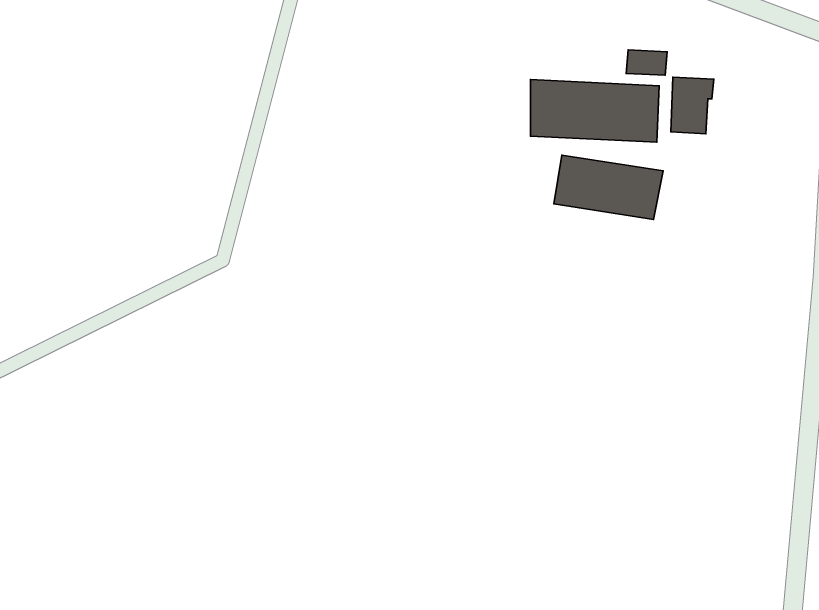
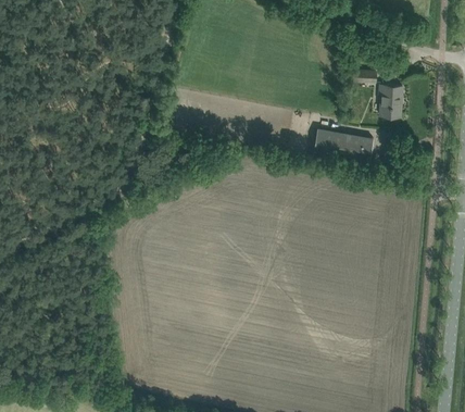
building: [530,79,659,142] -> none

